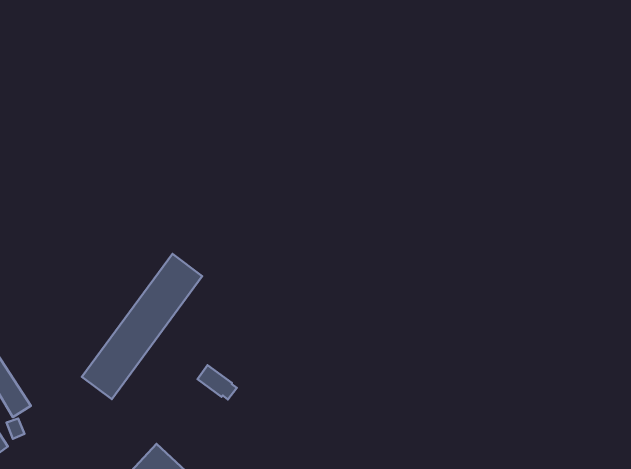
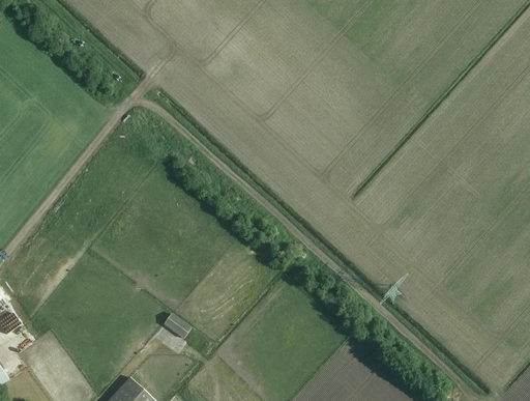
building: [82,254,202,399] -> none

